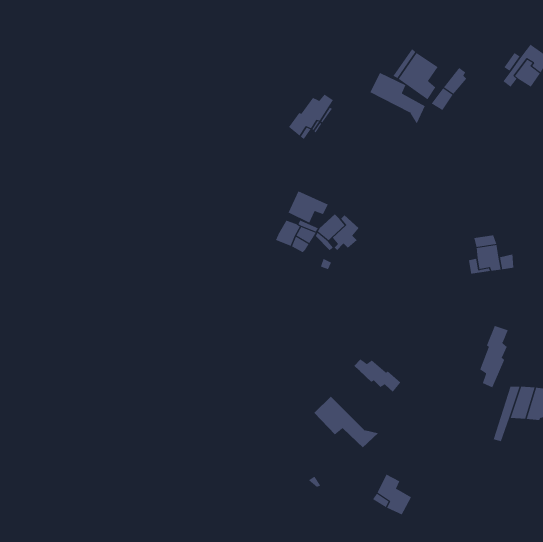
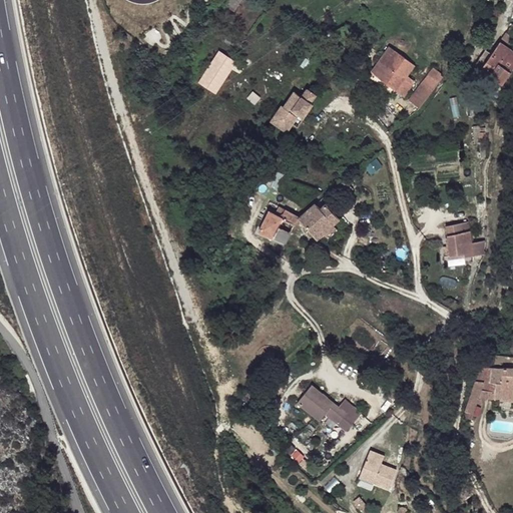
building: none -> [200,54,236,94]
building: [370,72,425,124] -> none
building: [288,190,328,223] -> none
building: [480,325,509,388] -> none
building: [353,358,401,393] -> none

